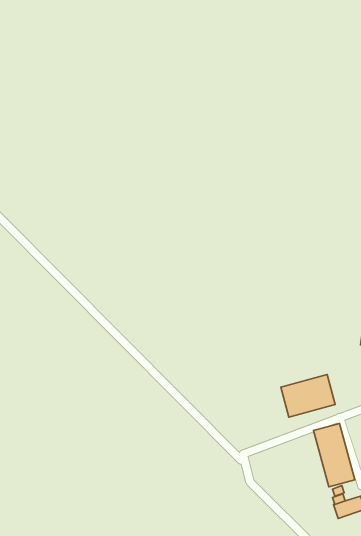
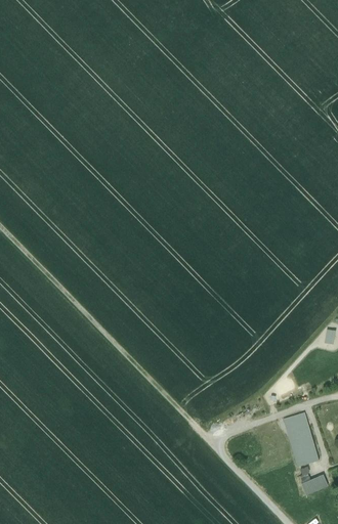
building: [281,375,335,417] -> none

